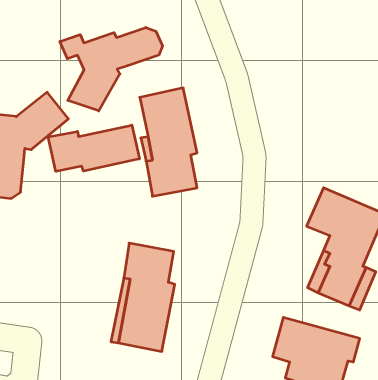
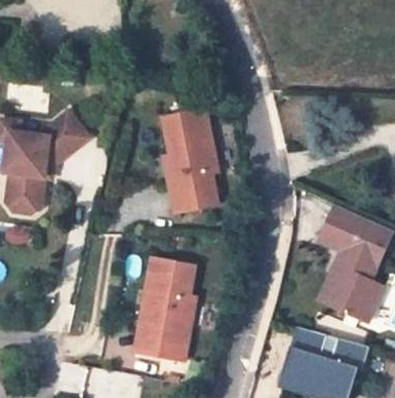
building: [60,27,163,111] -> none
building: [48,125,139,171] -> none

